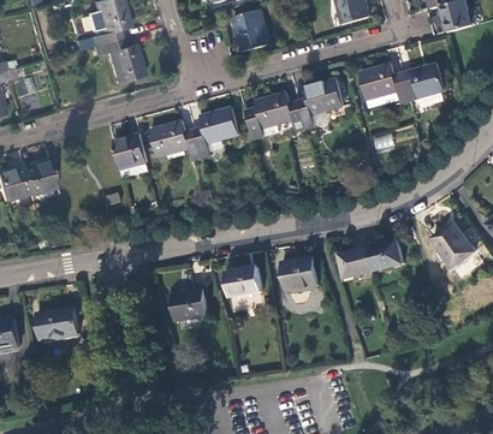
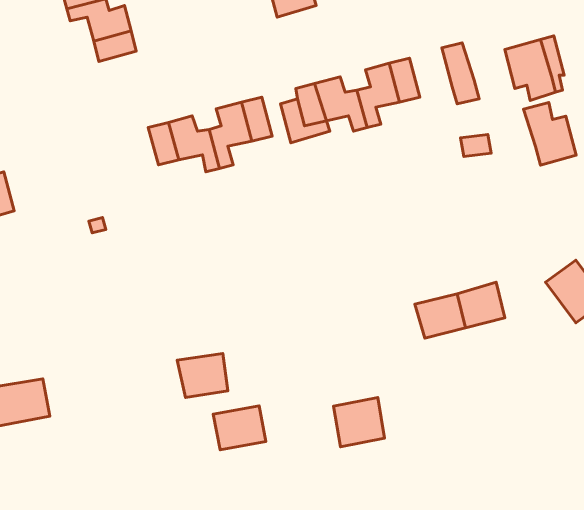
building: [373,64,410,108] -> [524,103,576,165]
building: [113,132,149,177] -> none
building: [281,256,317,291] -> [334,398,385,447]
building: [225,266,262,297] -> [213,406,266,450]

